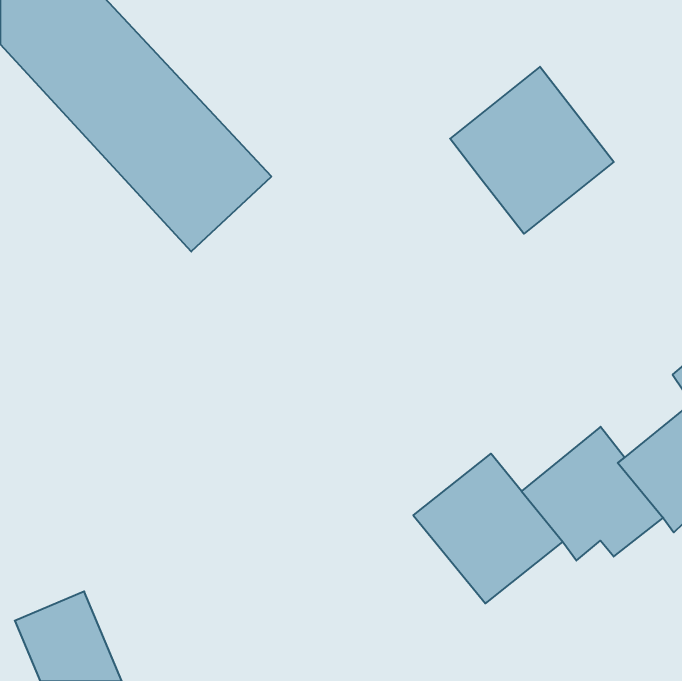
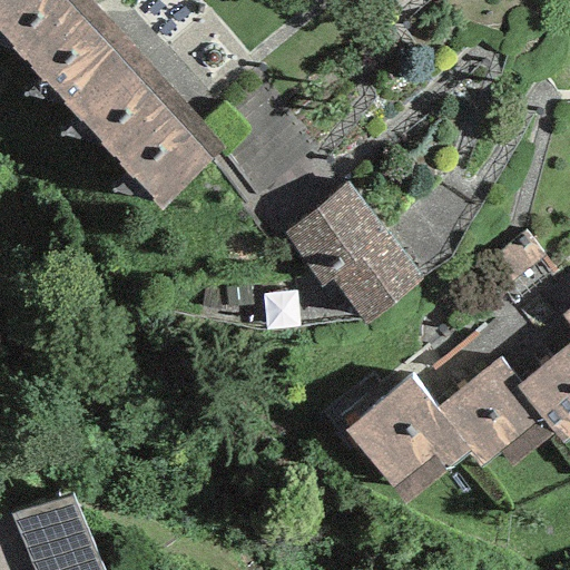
building: [450,67,614,234] -> none
building: none -> [282,179,425,323]

